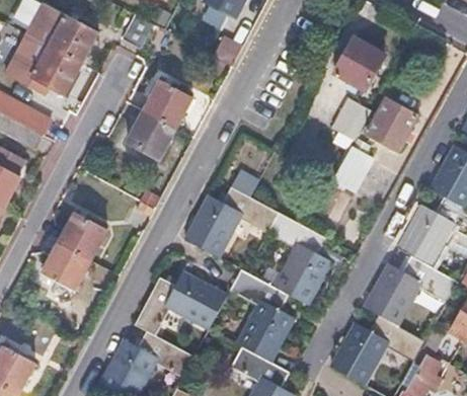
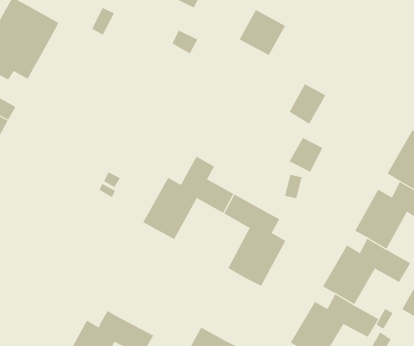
building: [337,36,386,85] -> [239,9,286,56]
building: [131,83,190,159] -> none
building: [367,98,416,149] -> none
building: [43,213,106,291] -> none
building: [229,271,291,363] -> none
building: [135,272,226,337] -> none

